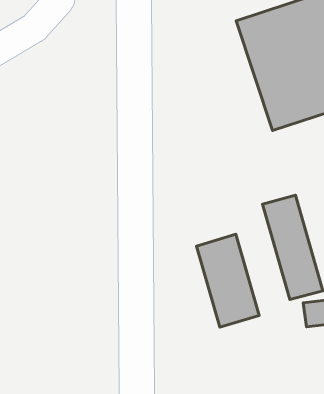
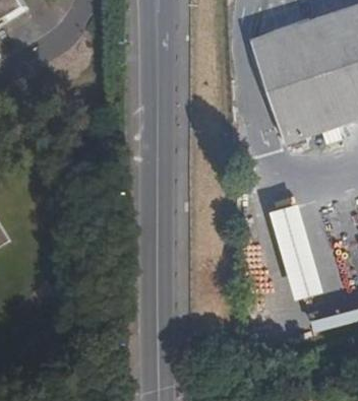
building: [196,234,259,327] -> none

